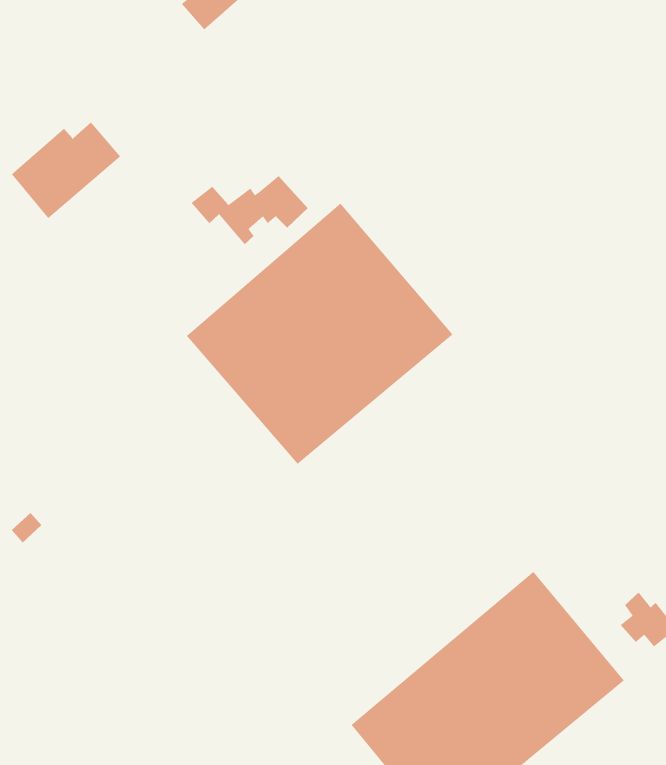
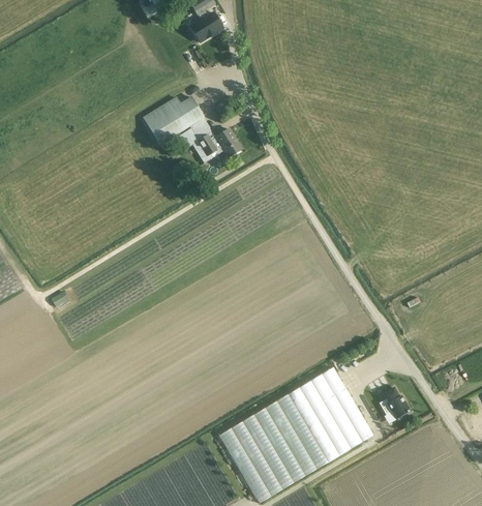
building: [11,122,121,219] -> [142,95,204,145]
building: [186,203,453,465] -> none

